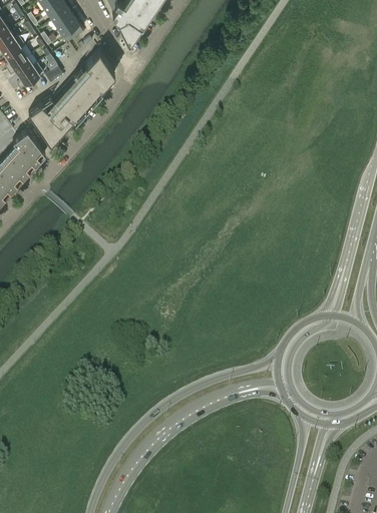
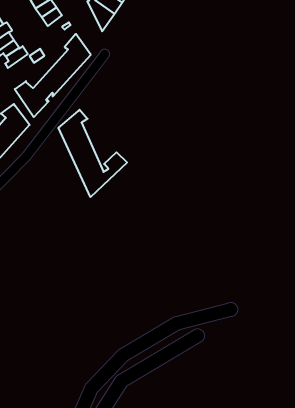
building: none -> [58,110,127,197]

